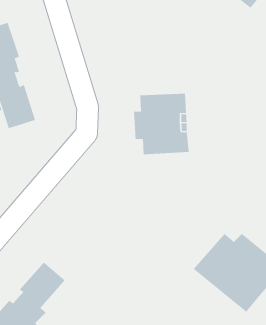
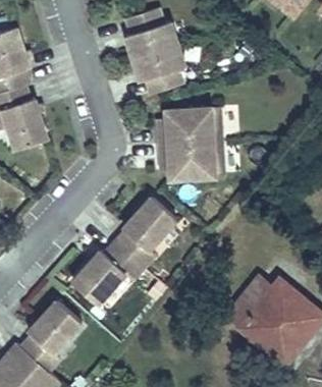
building: none -> [125,11,183,97]
building: none -> [72,200,176,308]

